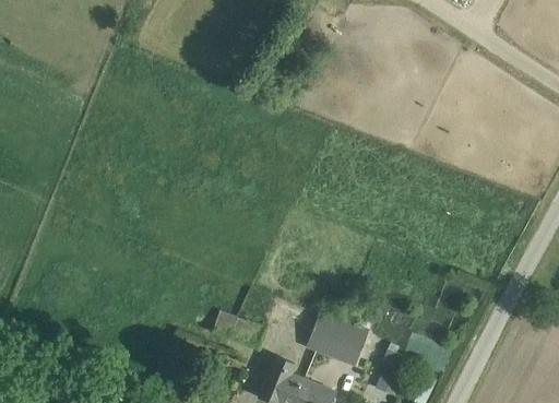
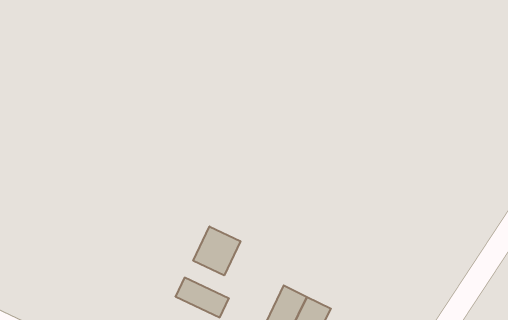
building: none -> [193,226,240,275]

